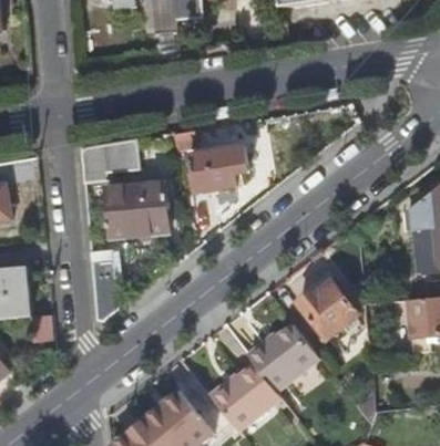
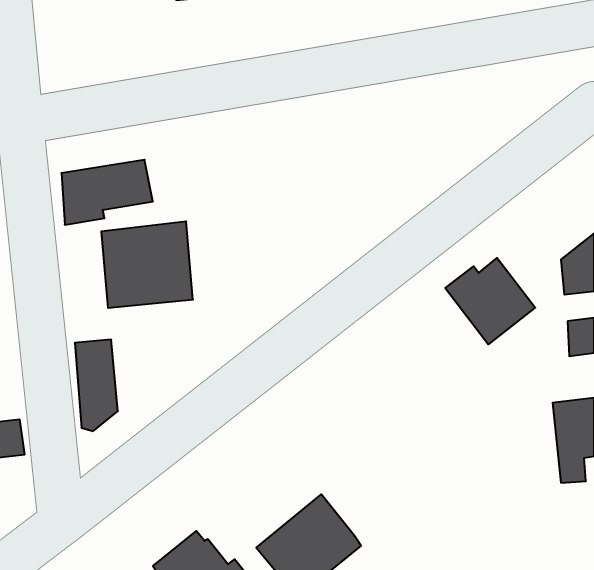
building: [190,145,249,204] -> none
building: [297,282,357,340] -> [445,258,535,344]
building: [246,323,317,390] -> none

